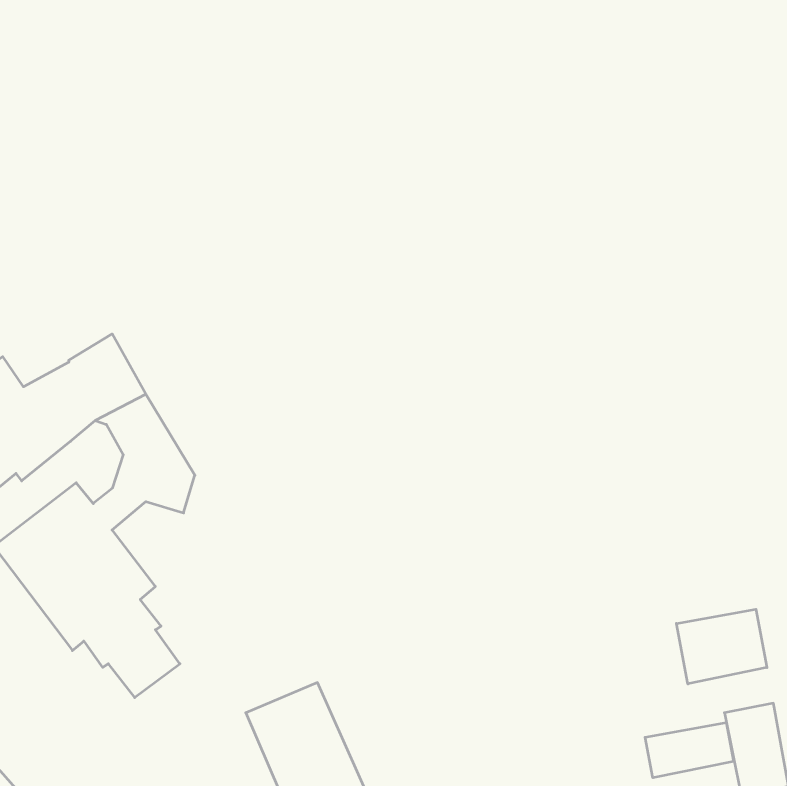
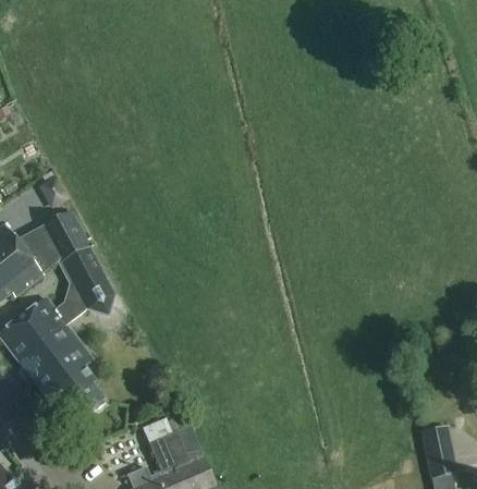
building: [676,609,767,684] -> none
building: [645,722,733,778] -> none

